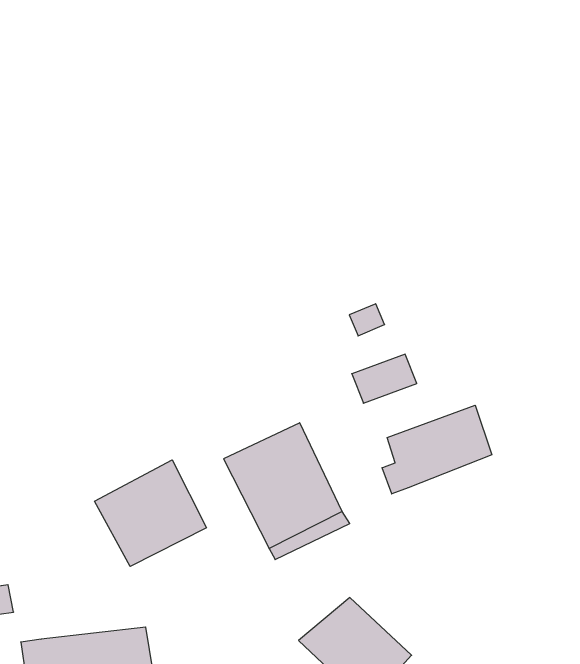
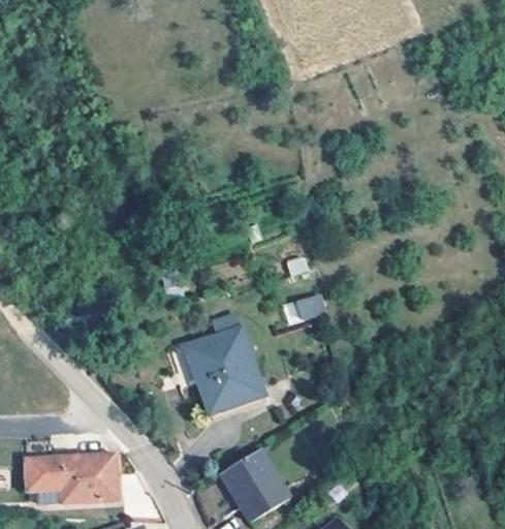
building: [382,405,492,494] -> none
building: [95,460,206,566] -> none

